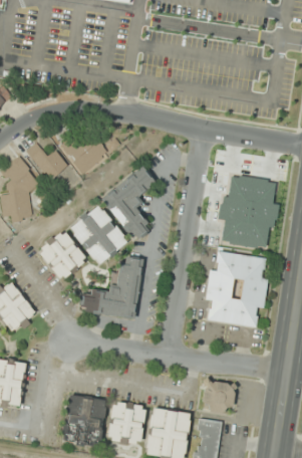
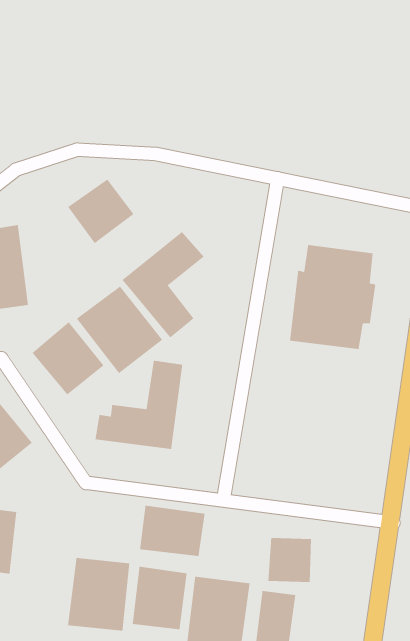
building: [27,144,67,181] -> none
building: [205,251,268,328] -> none
building: none -> [139,505,205,557]

